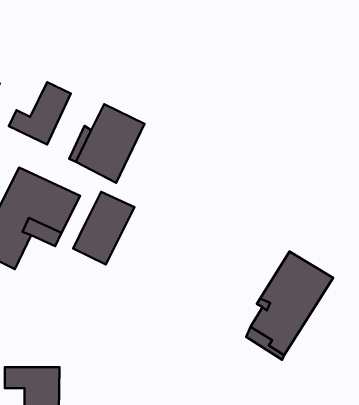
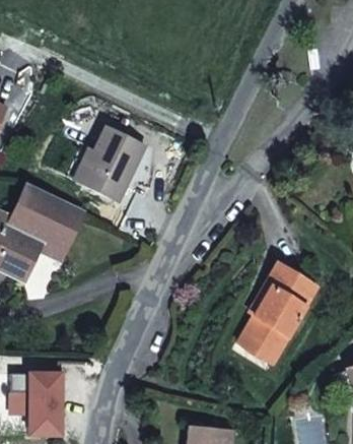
building: [9,82,71,145] -> none
building: [73,192,135,265] -> none

